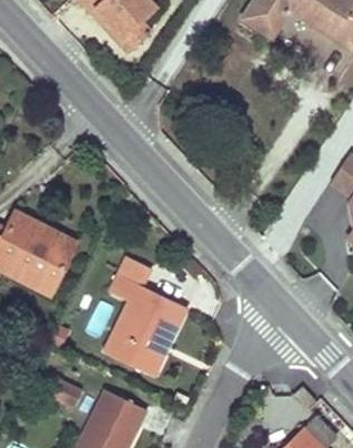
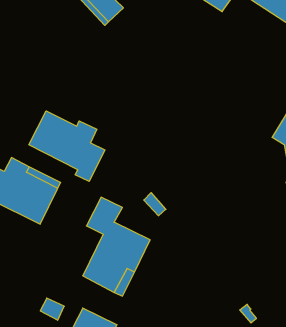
building: none -> [29,111,105,181]

